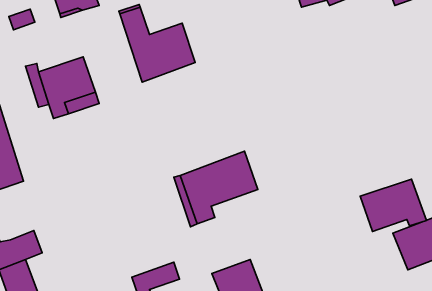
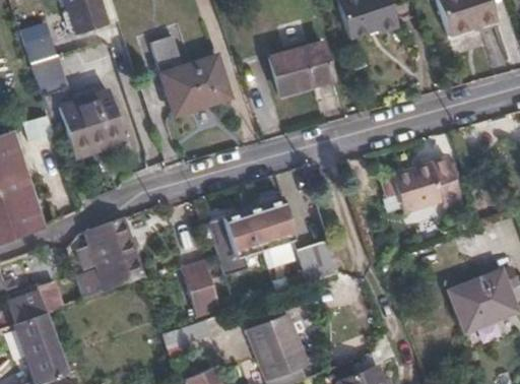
building: none -> [269,43,332,95]
building: none -> [32,55,67,97]
building: none -> [81,217,143,299]
building: [360,179,426,232] -> [385,150,457,207]
building: none -> [298,237,340,281]
building: none -> [184,260,224,312]

